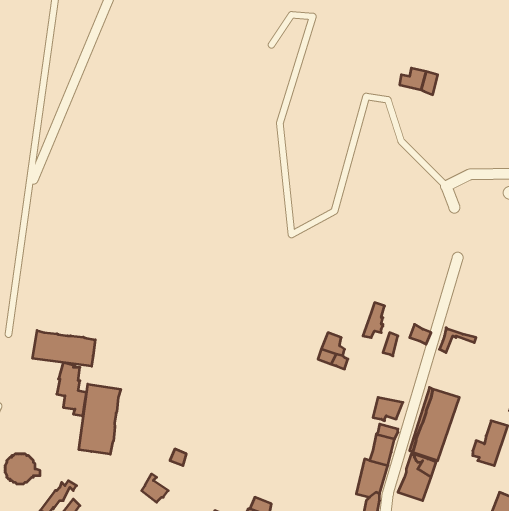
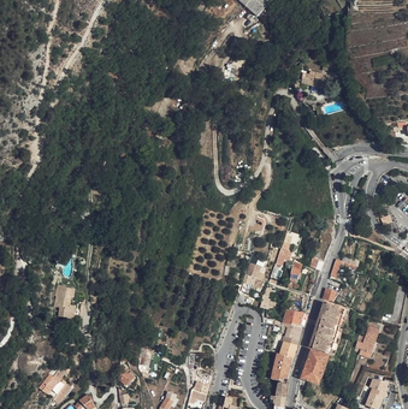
building: [33,330,95,366] -> none
building: [79,384,121,454] -> none

